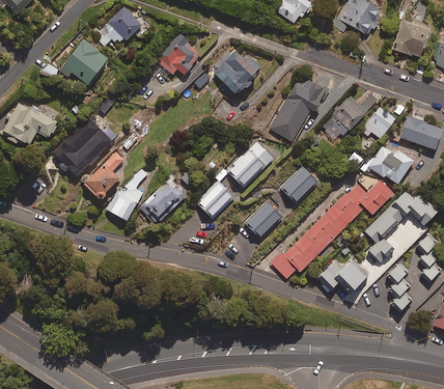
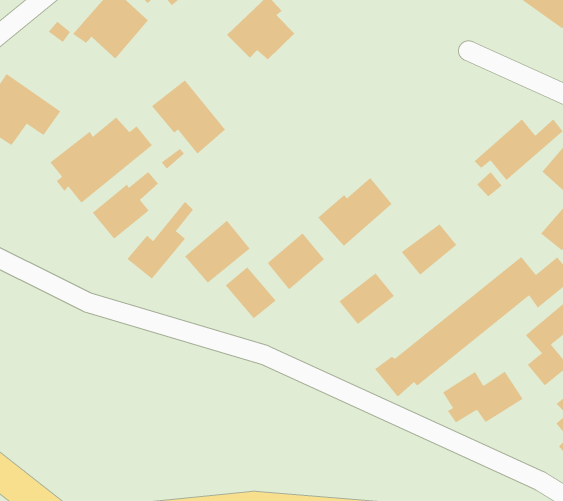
building: [213,50,260,96] -> none
building: [271,79,326,143] -> none
building: none -> [151,80,226,155]
building: none -> [225,267,277,319]

